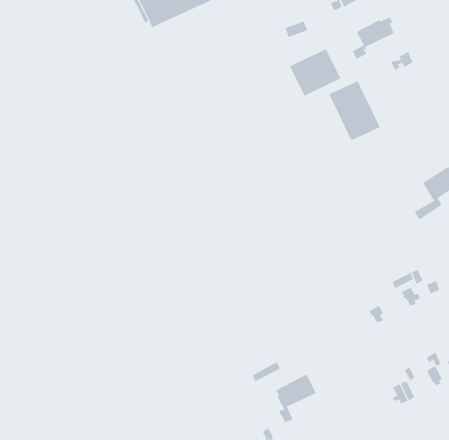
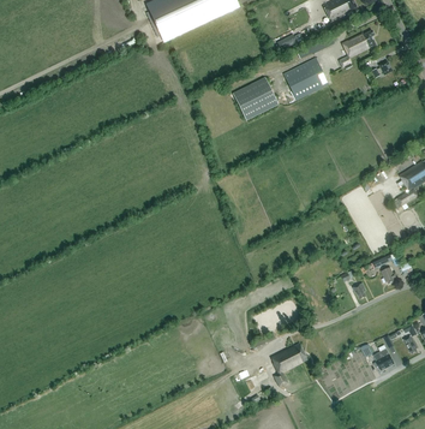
building: none -> [233,77,279,120]
building: [329,81,380,141] -> none

